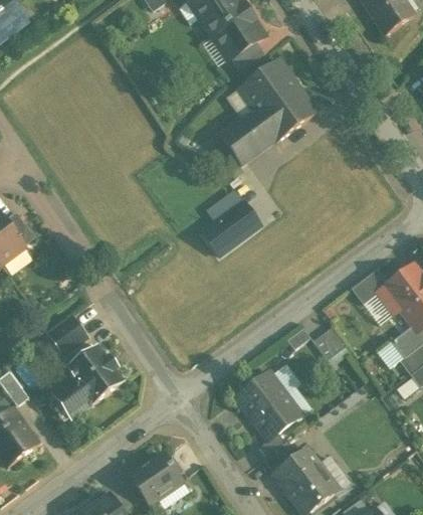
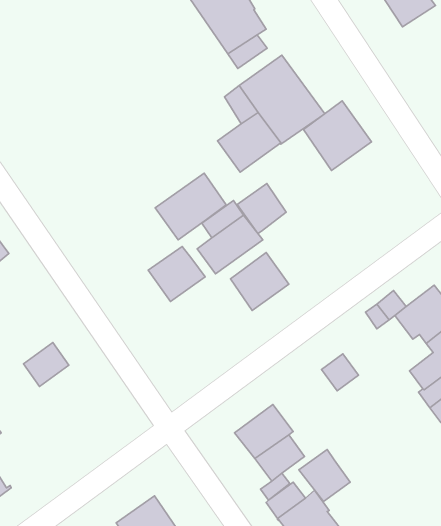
building: none -> [303,101,372,170]
building: none -> [155,173,226,240]
building: none -> [237,183,286,234]
building: none -> [148,246,205,302]
building: none -> [230,252,289,310]
building: [60,345,123,414] -> none
building: none -> [299,450,350,502]

